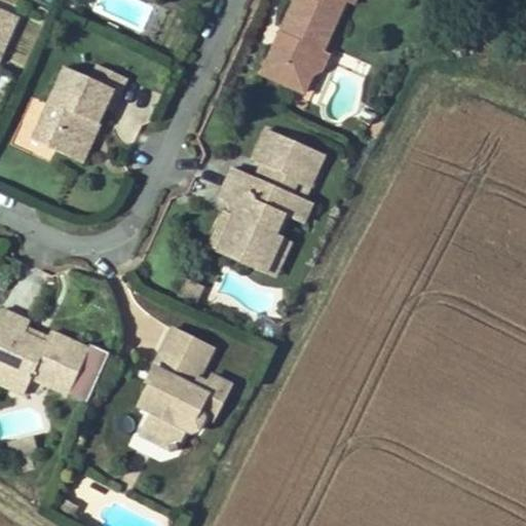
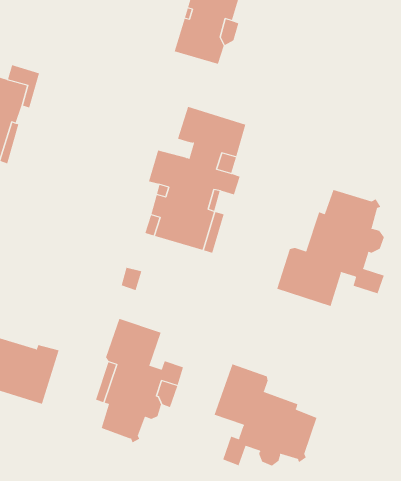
building: none -> [277,189,385,307]
building: none -> [214,364,317,466]

